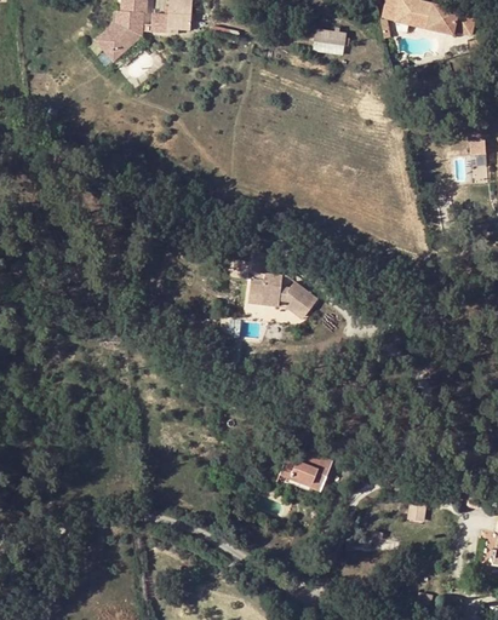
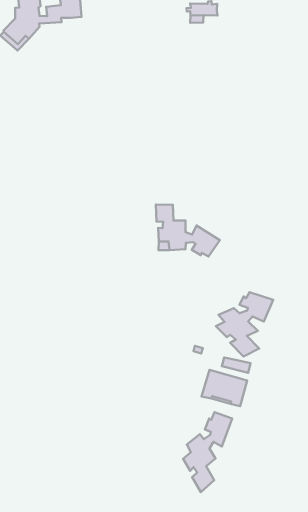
building: none -> [216,292,273,356]
building: none -> [183,412,232,492]

